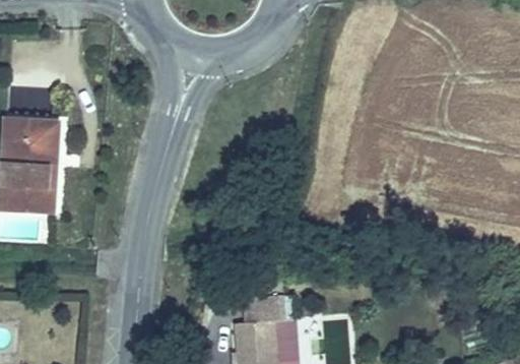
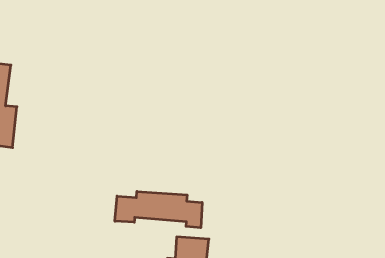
building: none -> [115,191,202,228]

